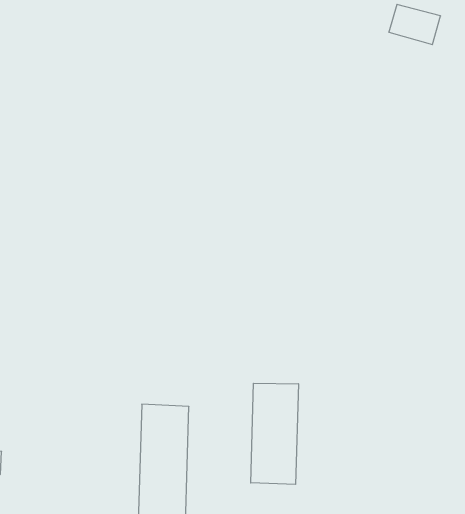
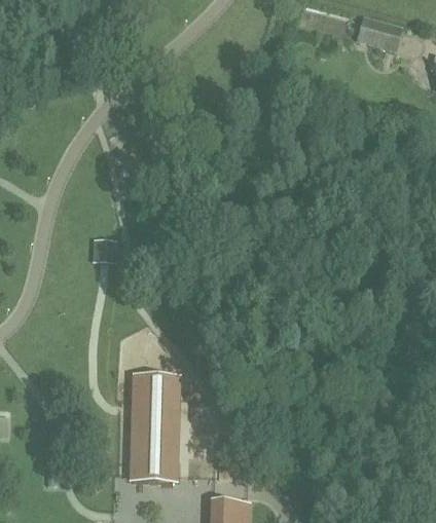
building: [251,383,298,484] -> none

